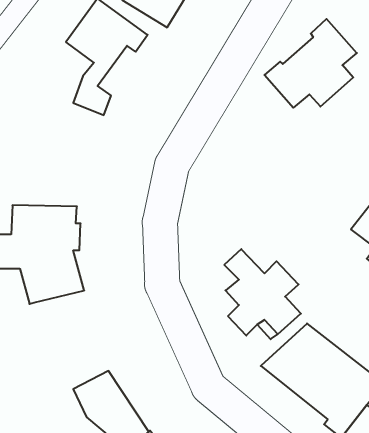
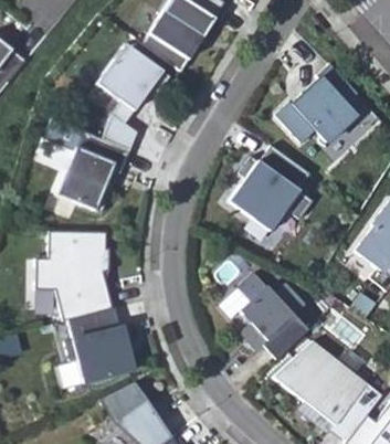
building: none -> [56,129,129,210]
building: none -> [229,145,313,230]
building: none -> [64,307,133,383]

